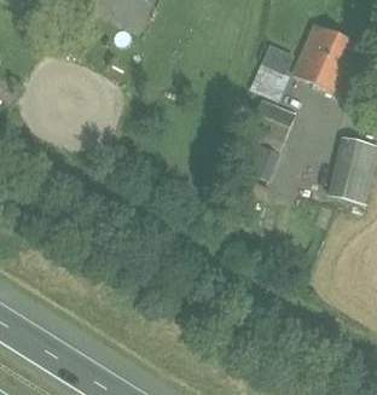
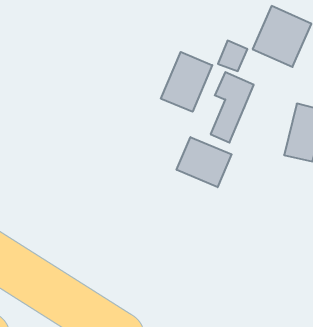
building: none -> [161,52,212,112]
building: none -> [177,137,232,187]

